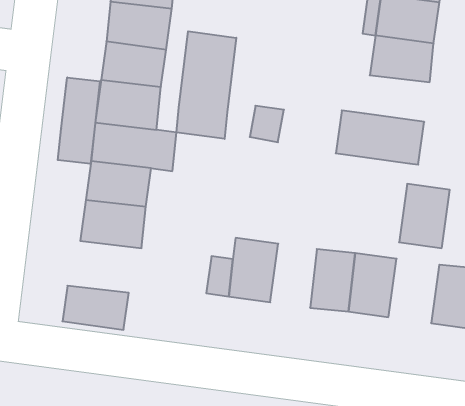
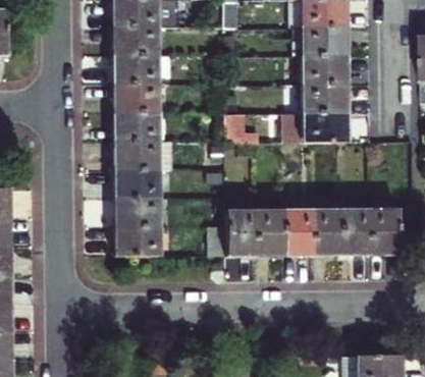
building: [176,31,236,139] -> none
building: none -> [305,83,348,111]
building: [58,77,100,164] -> none
building: [399,184,450,248] -> [341,210,372,252]
building: none -> [257,211,285,253]
building: [62,286,129,330] -> [117,227,161,254]

